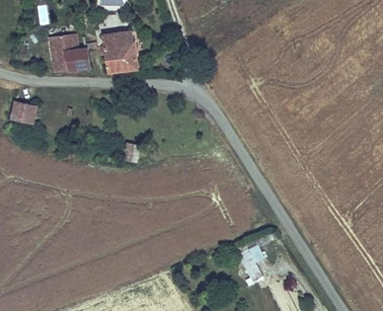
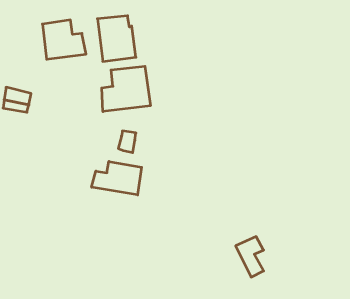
building: none -> [102,66,150,112]
building: none -> [92,161,142,195]

